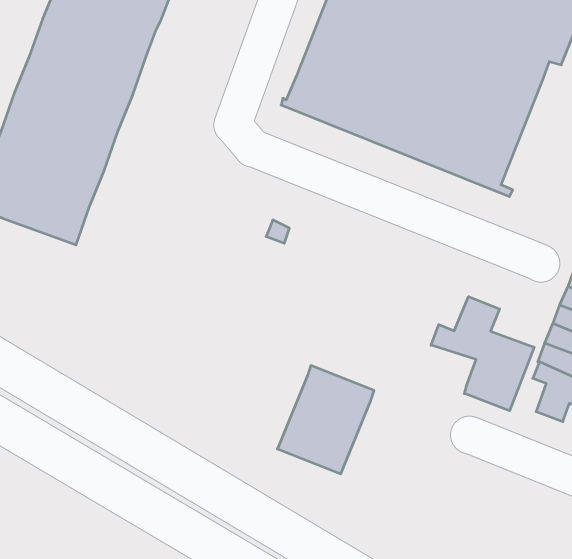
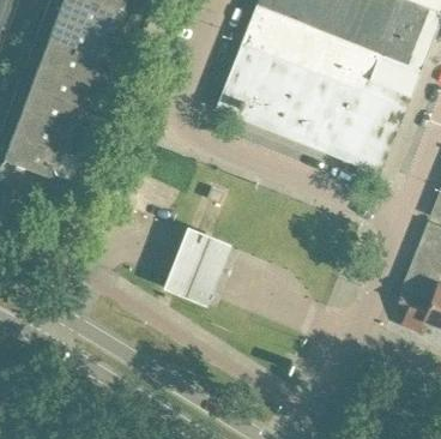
building: [431,297,534,411] -> none
building: [277,366,374,474] -> [157,233,226,311]

